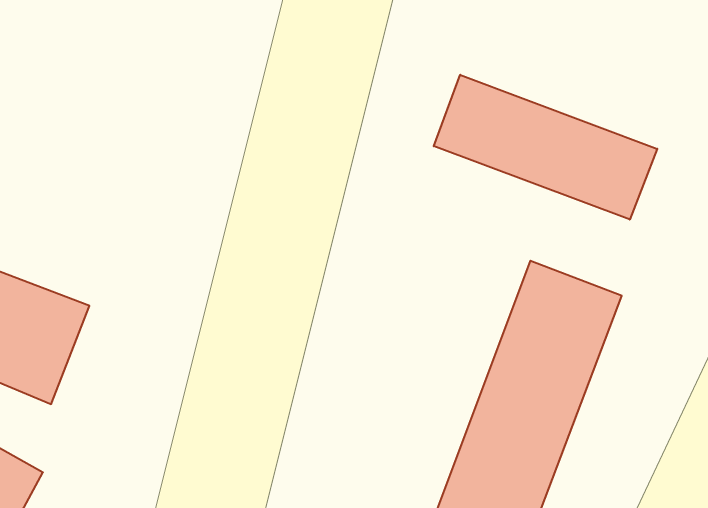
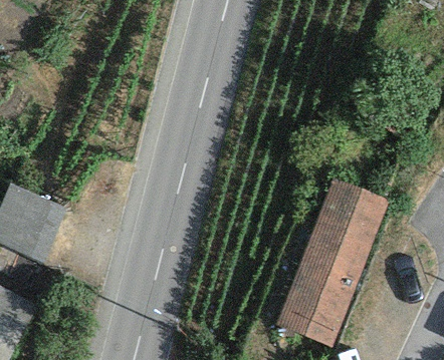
building: [434,75,657,220] -> none

